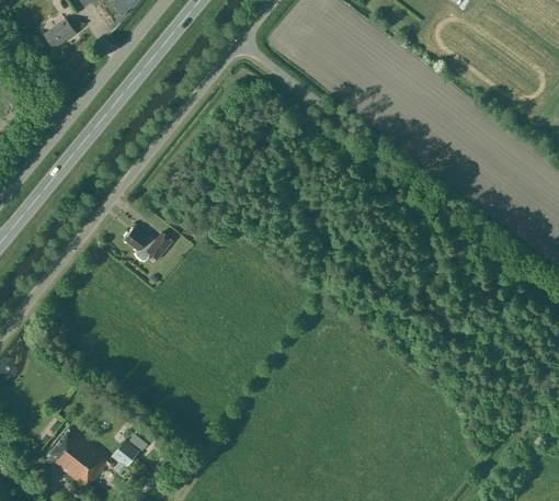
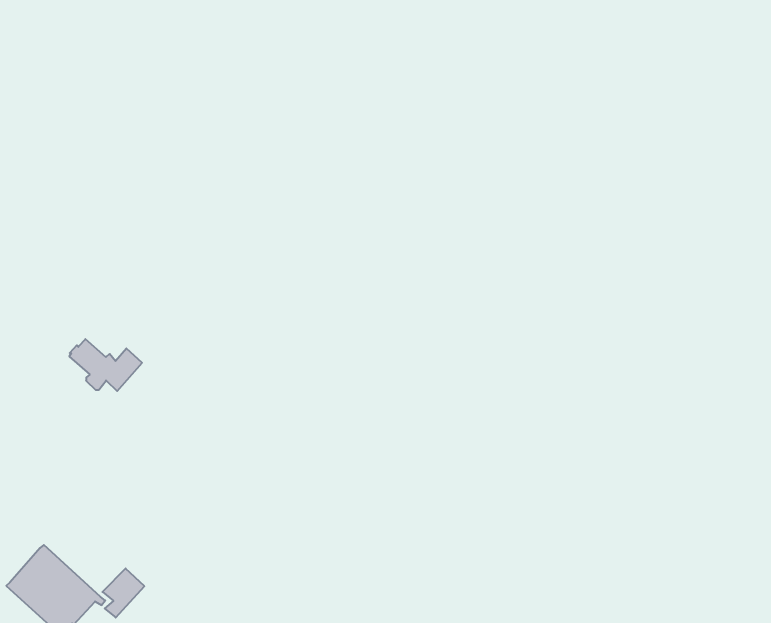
building: [124,226,172,259] -> [69,339,142,391]

